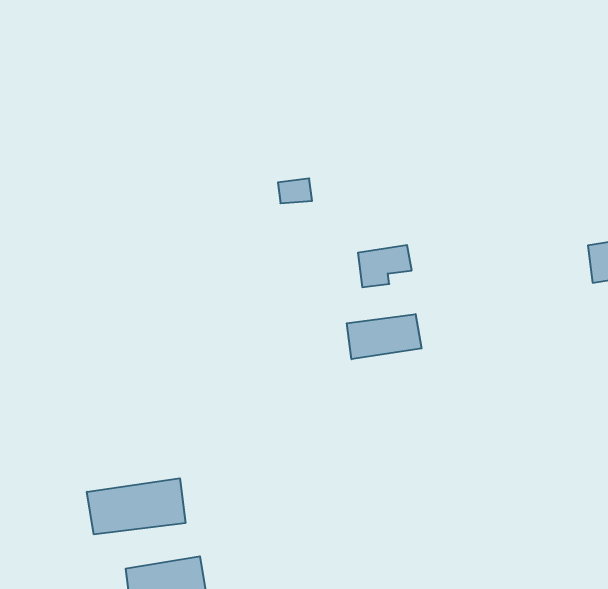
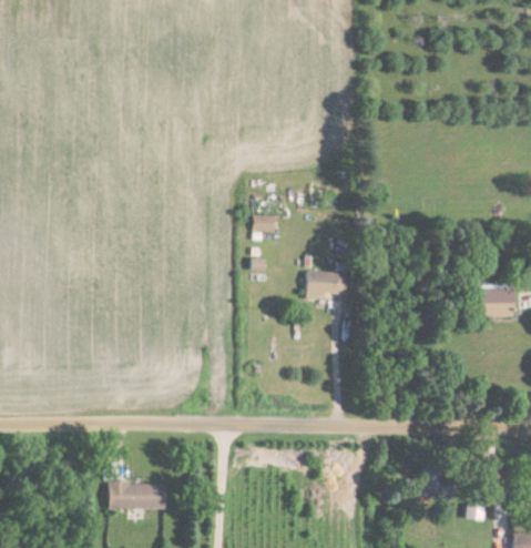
building: [347,314,422,359] -> none
building: [87,478,185,534] -> none

